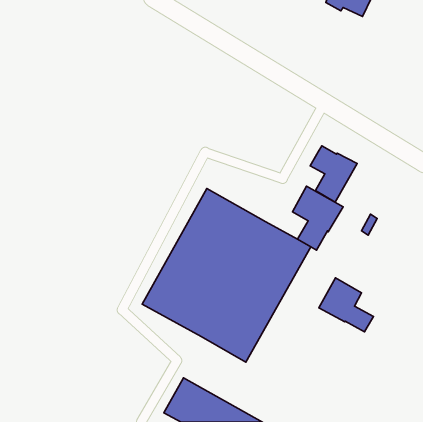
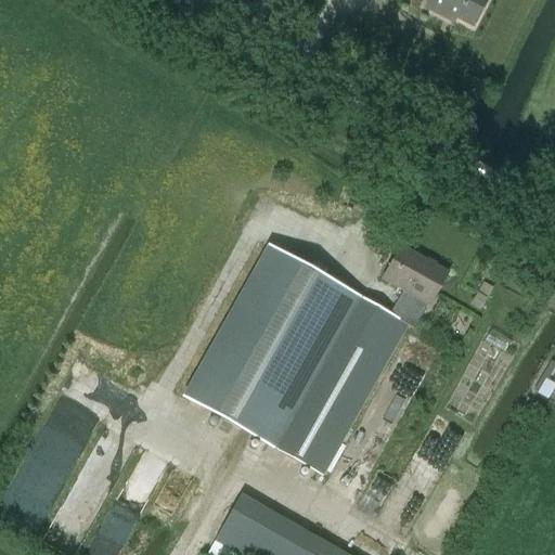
building: [310,146,357,202] -> none
building: [319,278,373,332] -> none

